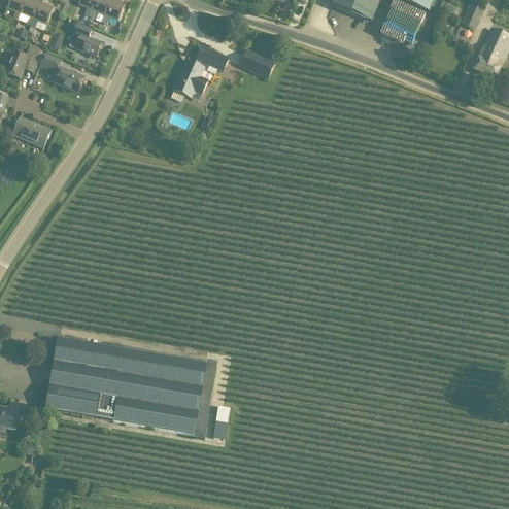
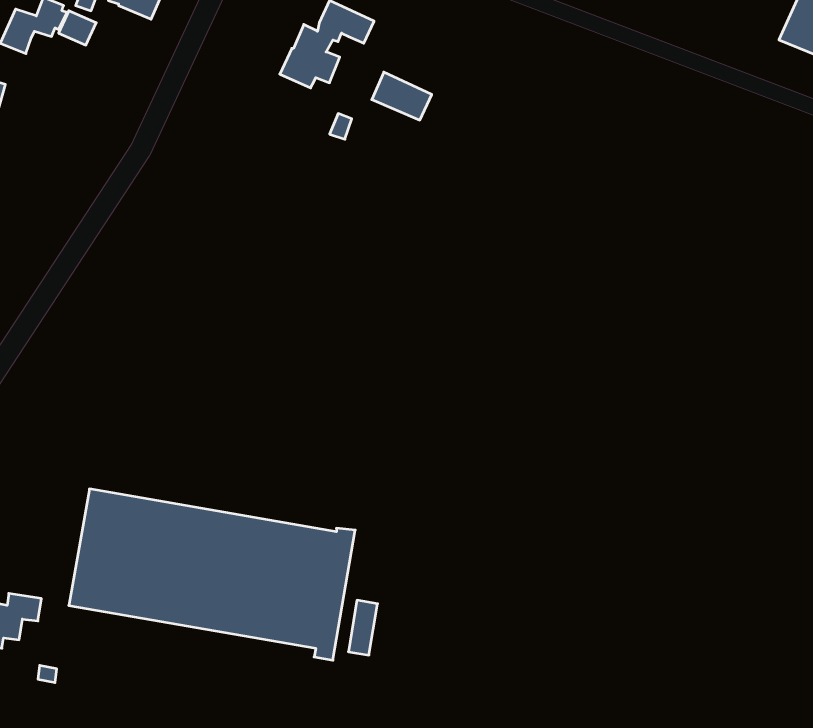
building: [238,49,274,78] -> [372,72,432,120]
building: [54,68,82,92] -> none
building: [12,117,50,147] -> none

